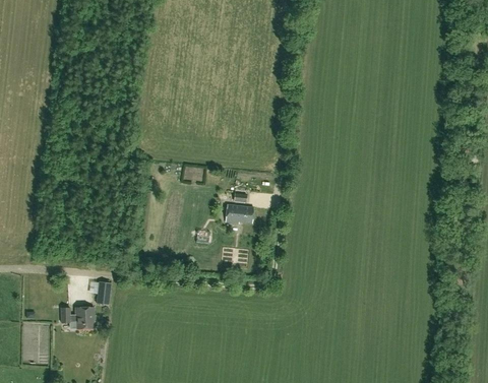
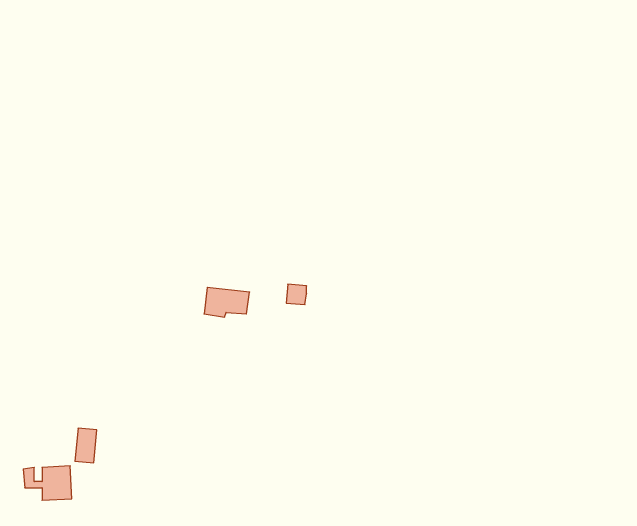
building: [225,205,254,225] -> [204,287,250,317]

